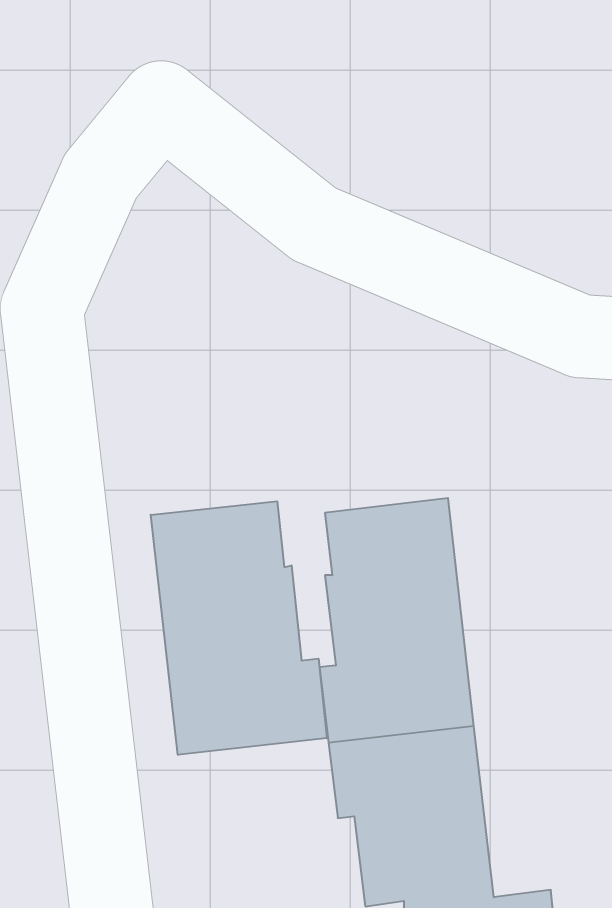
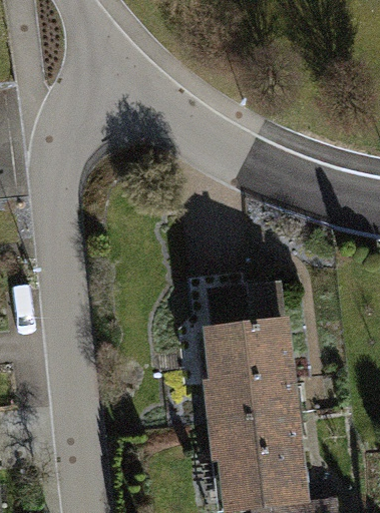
building: [151,501,327,755] -> none

